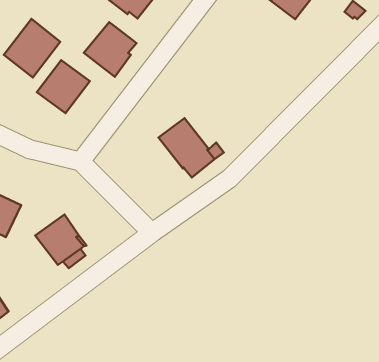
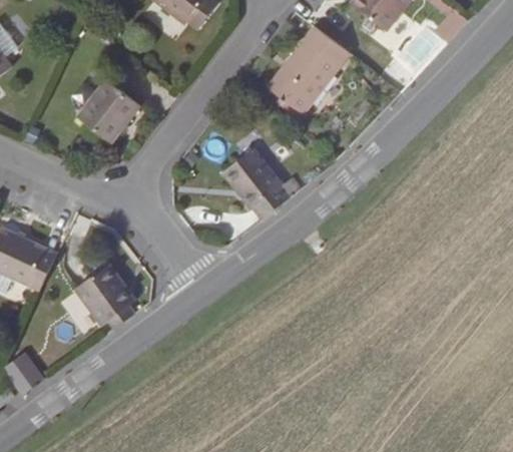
building: none -> [267,26,348,113]
building: [4,19,60,78] -> none
building: [84,22,137,77] -> none

